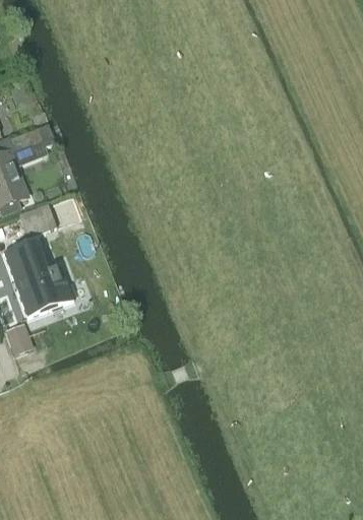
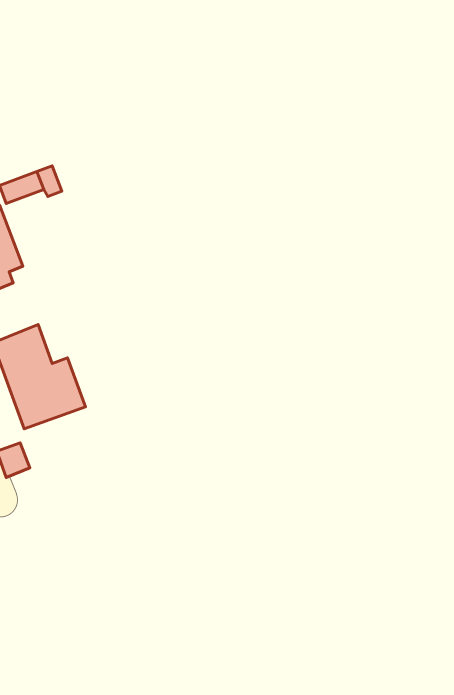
building: [19,203,57,237] -> none

